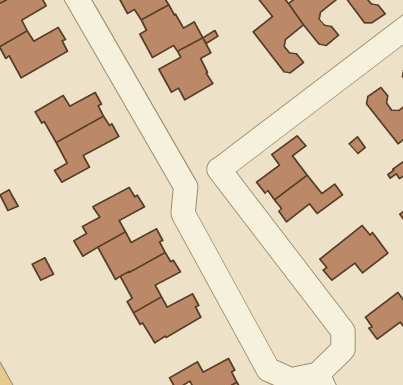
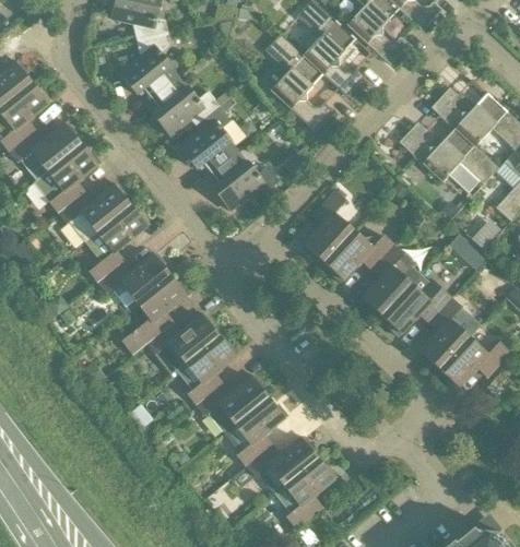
building: none -> [34,143,101,212]
building: none -> [212,151,280,209]
building: none -> [98,250,169,308]
building: none -> [359,243,419,314]
building: none -> [417,296,469,367]
building: none -> [235,396,287,465]

